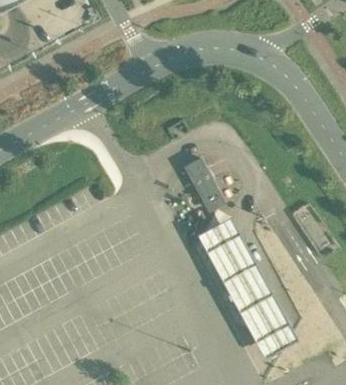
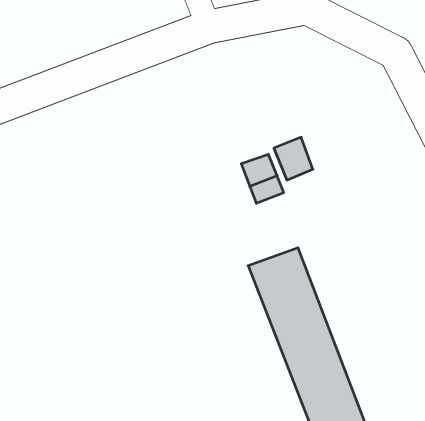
building: [198,180,227,211] -> [274,137,313,180]

